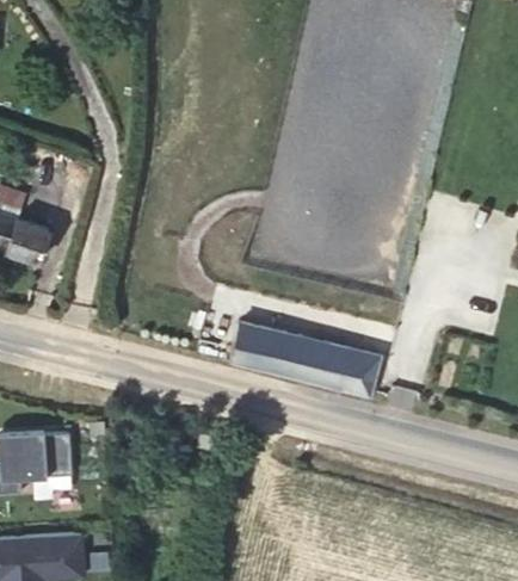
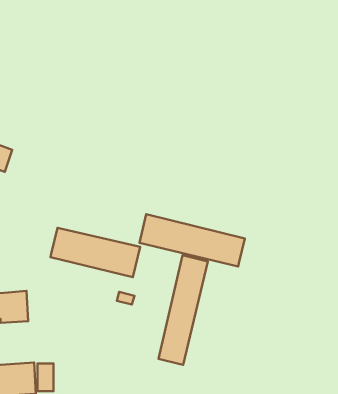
building: none -> [50,228,140,277]
building: none -> [158,255,208,365]

